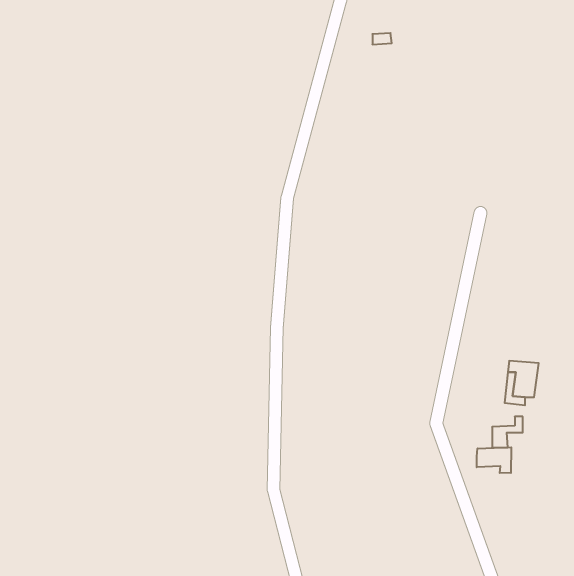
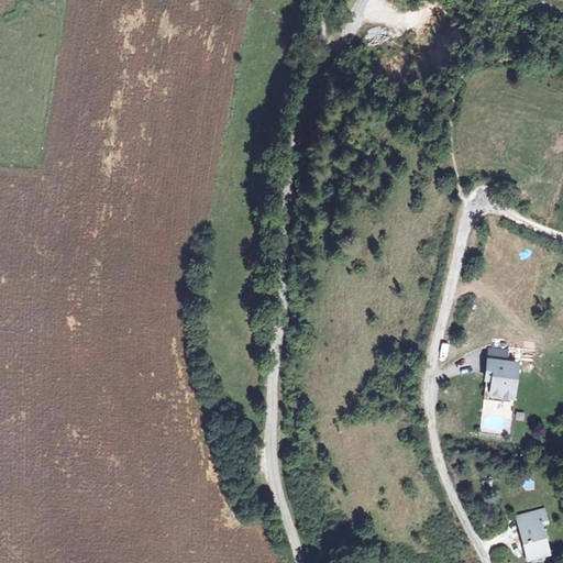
building: [477,447,511,473] -> none
building: none -> [519,511,548,556]

